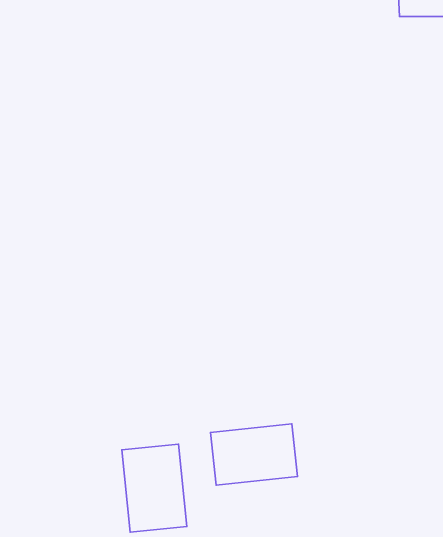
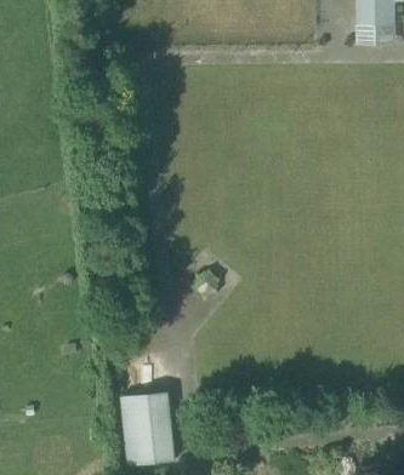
building: [211,424,298,485] -> none

